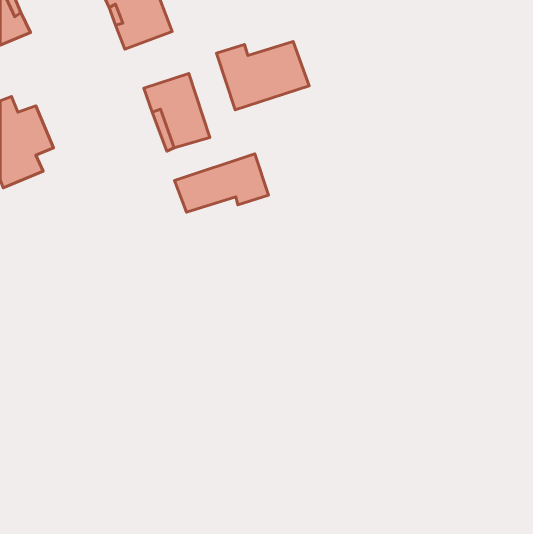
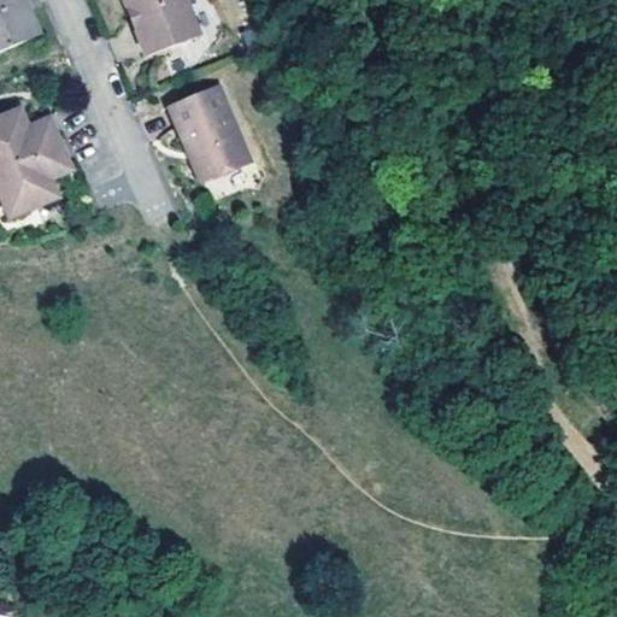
building: [216,42,309,110] -> none
building: [174,154,269,212] -> none

